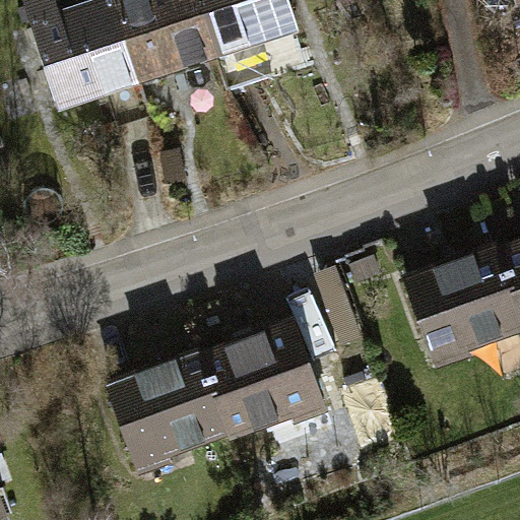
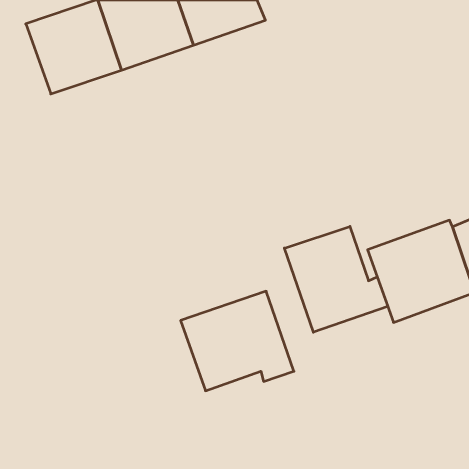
building: none -> [284,226,388,332]
building: [111,355,229,470] -> none

